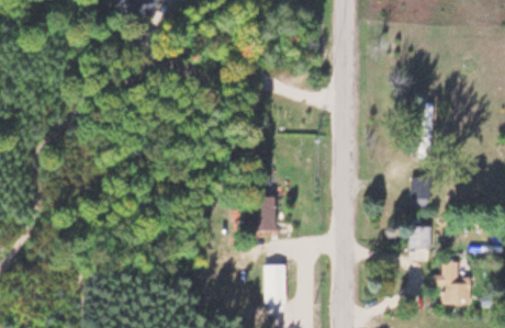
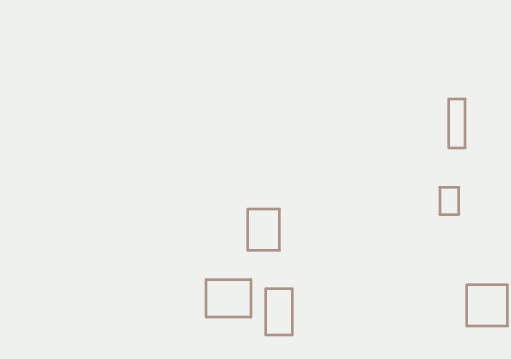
building: [409,227,430,250] -> none
building: none -> [206,279,251,317]

